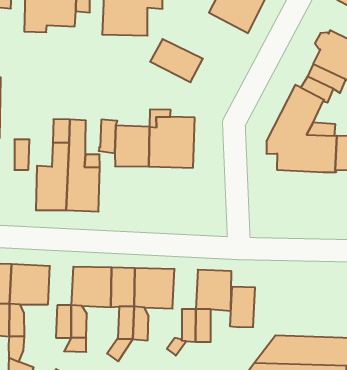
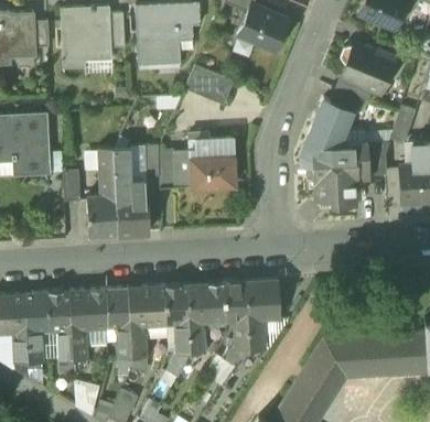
building: none -> [314,180,361,205]
building: none -> [107,288,130,325]
building: [230,287,255,327] -> [225,281,248,320]

